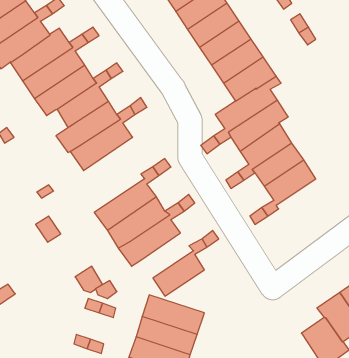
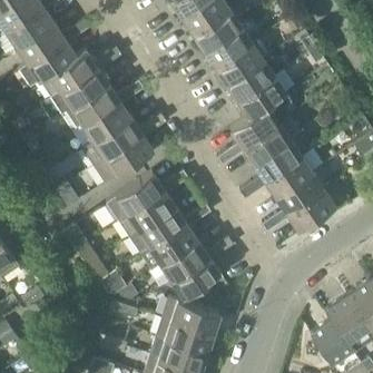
building: none -> [107,173,165,222]
building: none -> [287,190,336,232]
building: none -> [161,241,210,283]

